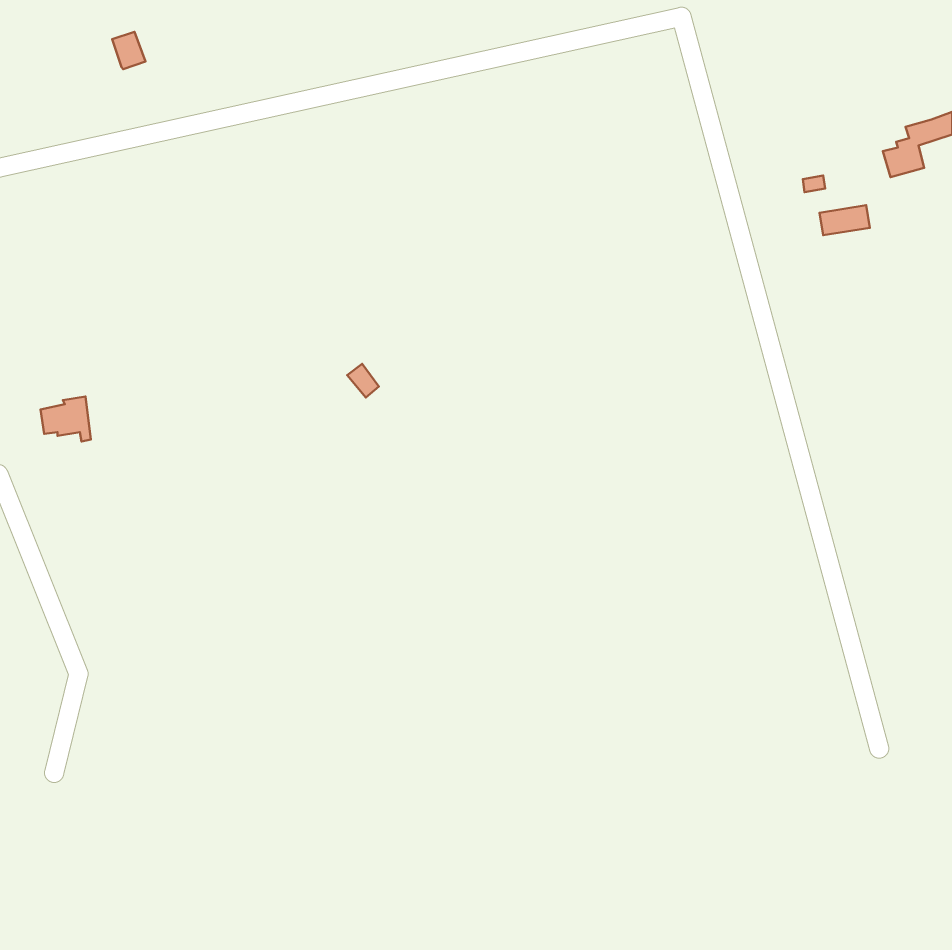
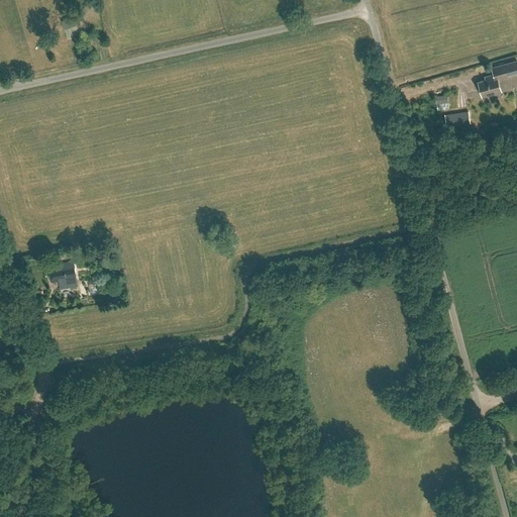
building: [41,397,91,441] -> [49,264,77,288]

